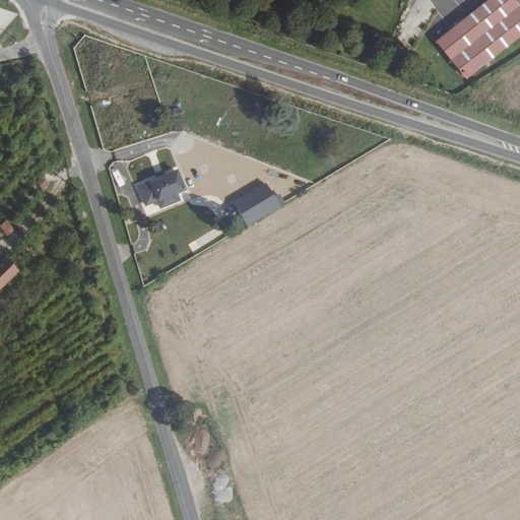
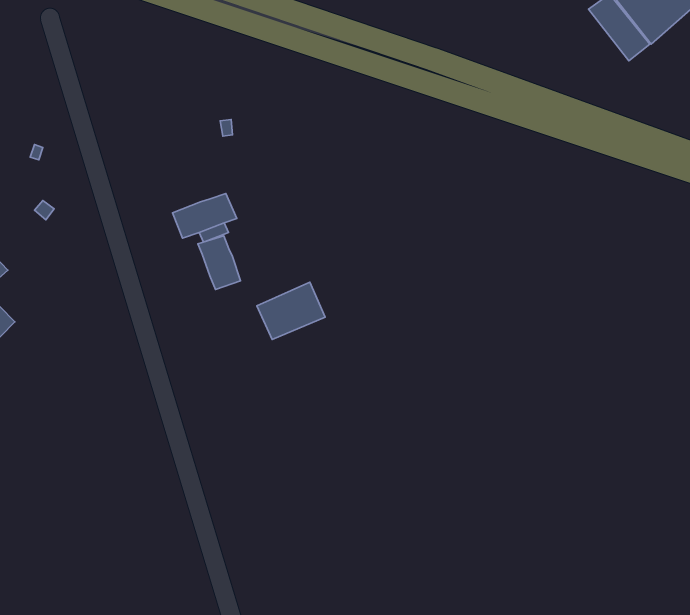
building: [233,184,282,225] -> [257,282,325,339]
building: none -> [198,236,241,290]

